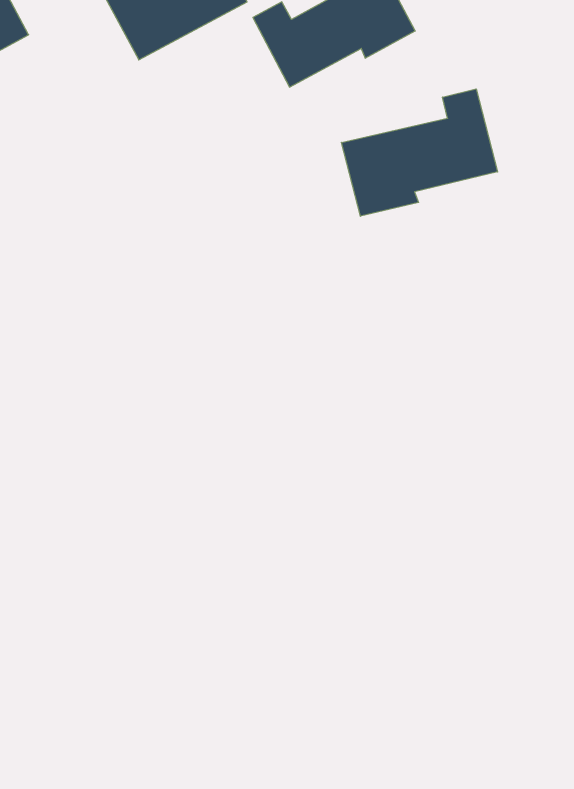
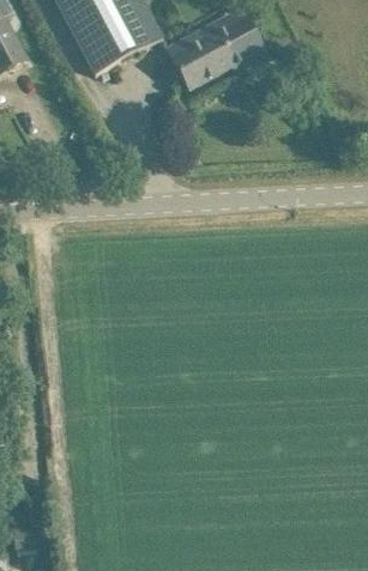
building: [341,89,498,216] -> none

